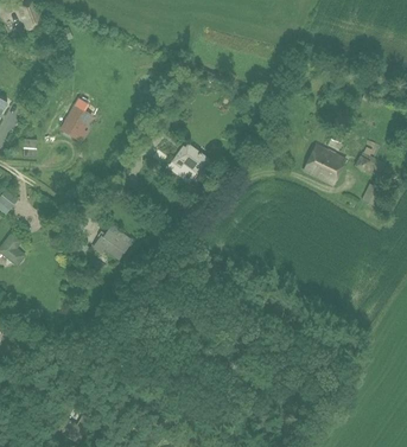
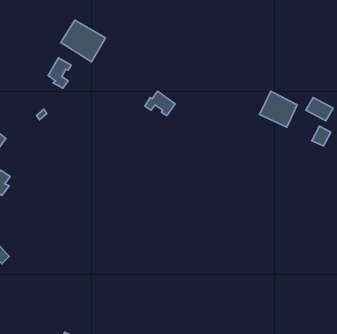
building: none -> [61,20,106,62]
building: [93,225,131,258] -> none

